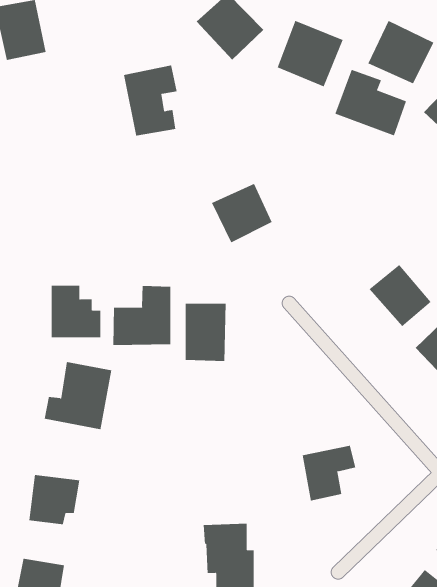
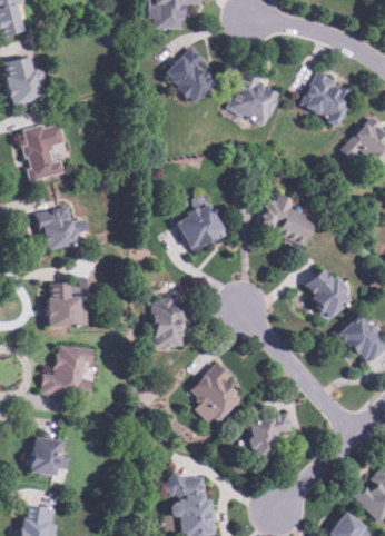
building: [123,65,177,136] -> [21,122,65,179]
building: [334,69,407,136] -> [257,191,315,245]
building: none -> [36,207,78,251]
building: [113,285,171,346] -> none
building: none -> [188,361,246,418]

